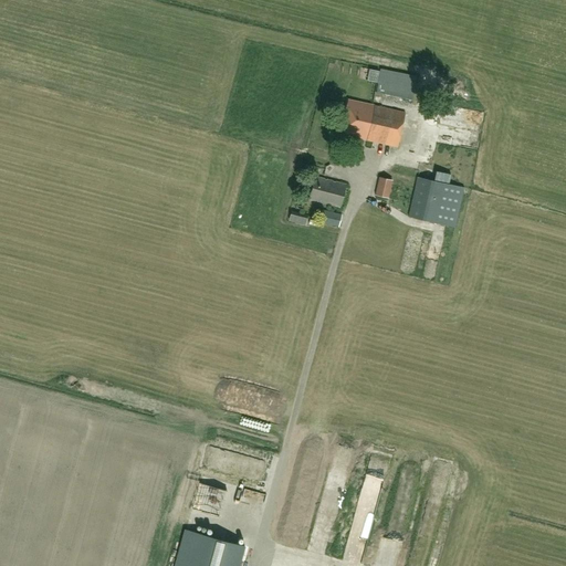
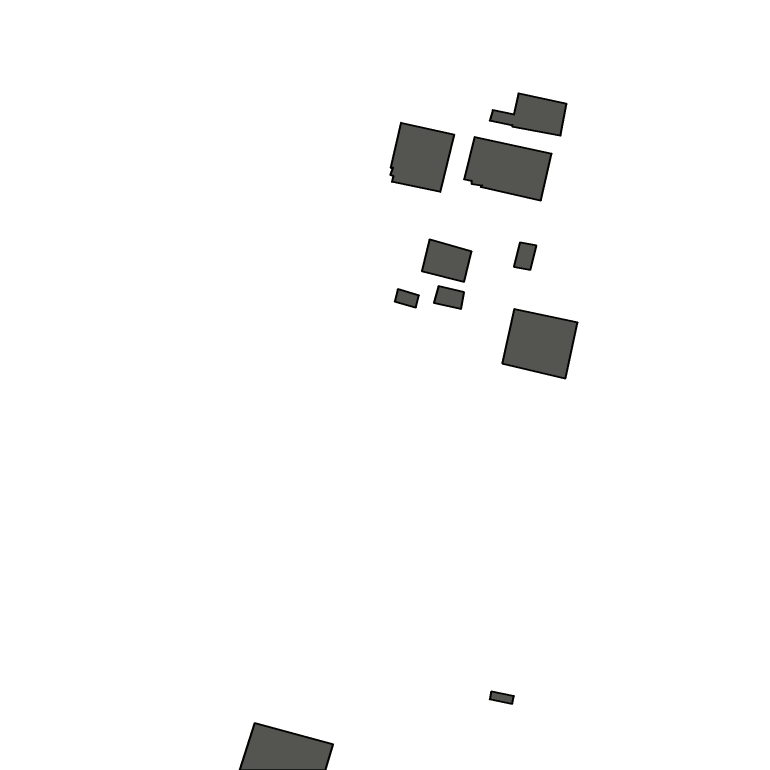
building: none -> [390,123,454,192]
building: [409,177,464,228] -> [502,309,578,378]

